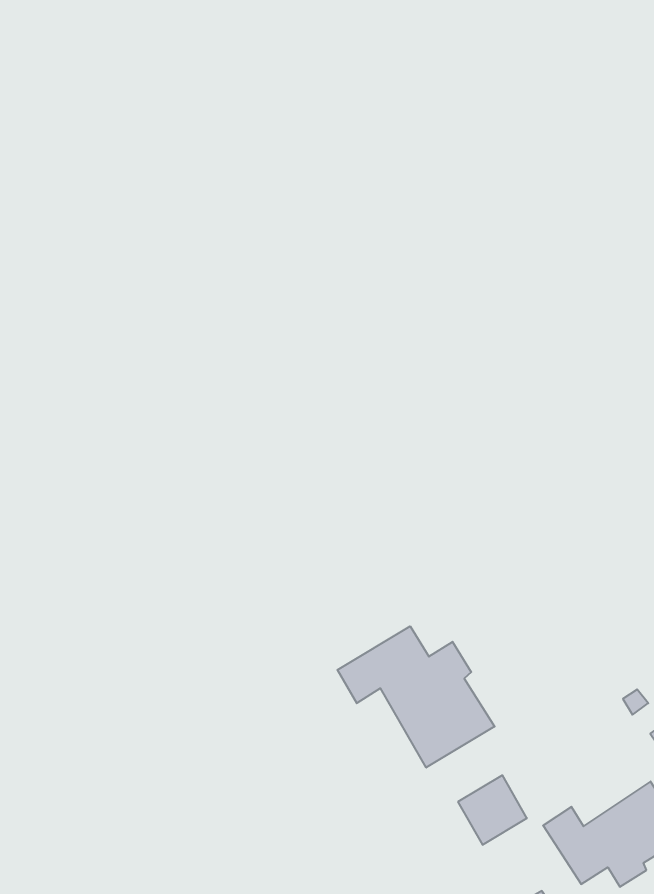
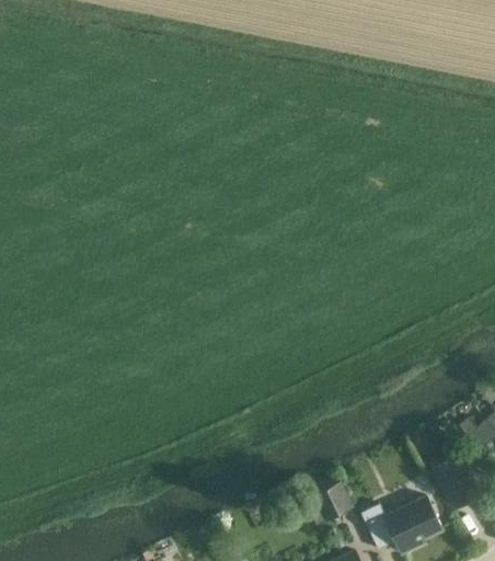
building: [337,626,495,768] -> none

